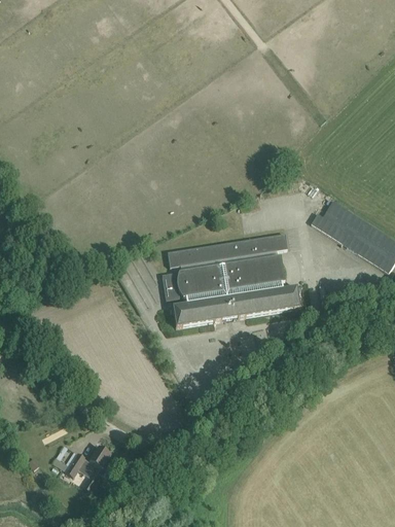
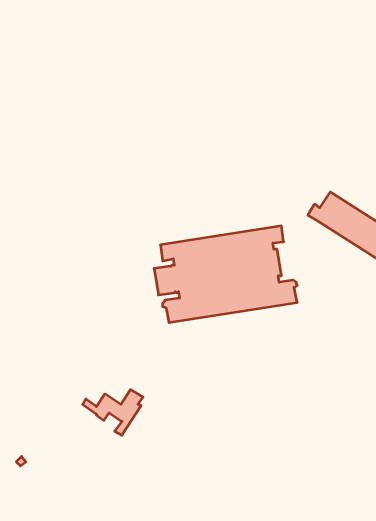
building: [51,446,110,490] -> [83,390,143,435]

